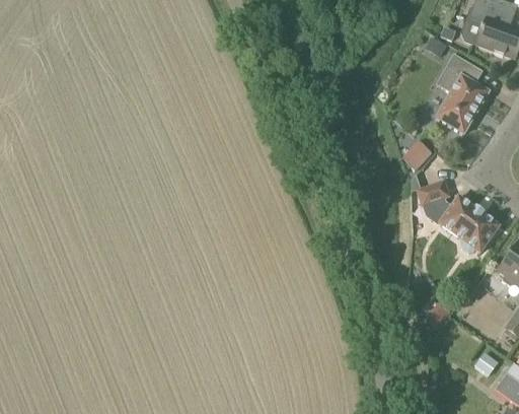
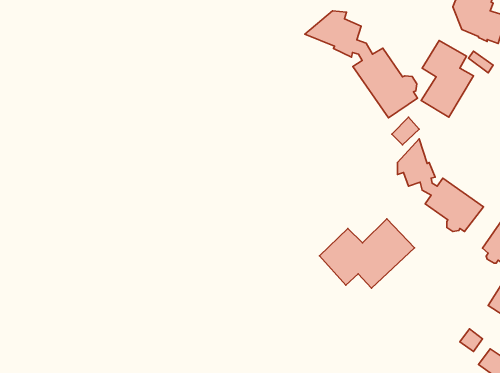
building: none -> [305,11,417,118]
building: none -> [319,219,415,288]

